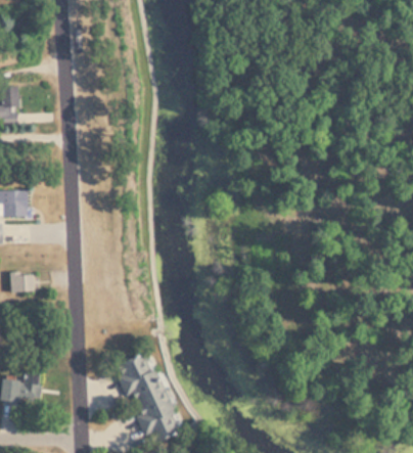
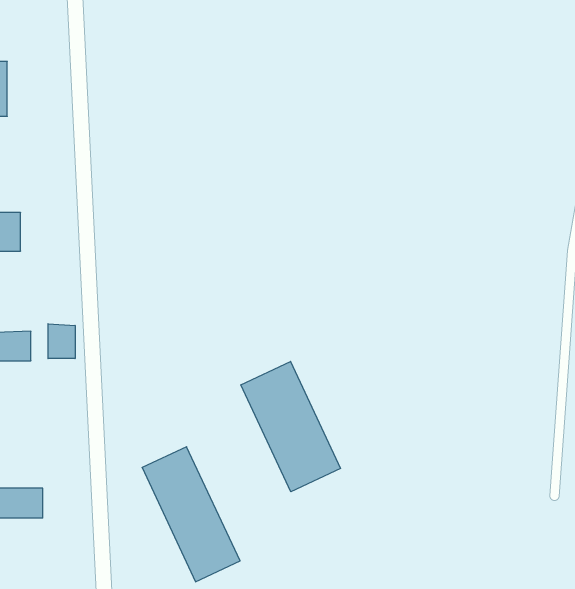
building: none -> [48,324,75,359]
building: none -> [241,361,341,492]

